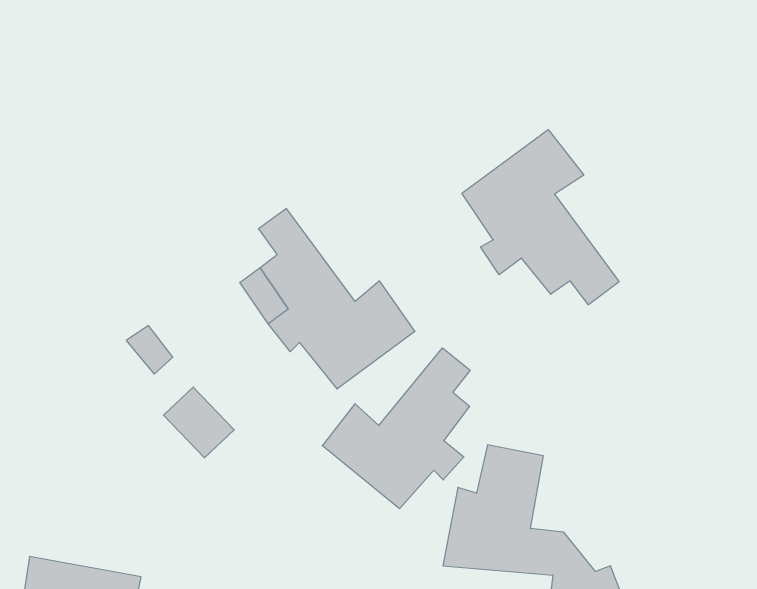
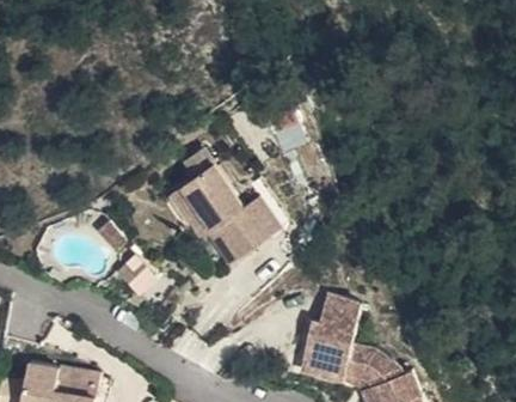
building: [462,130,619,305] -> none
building: [322,348,470,509] -> none

